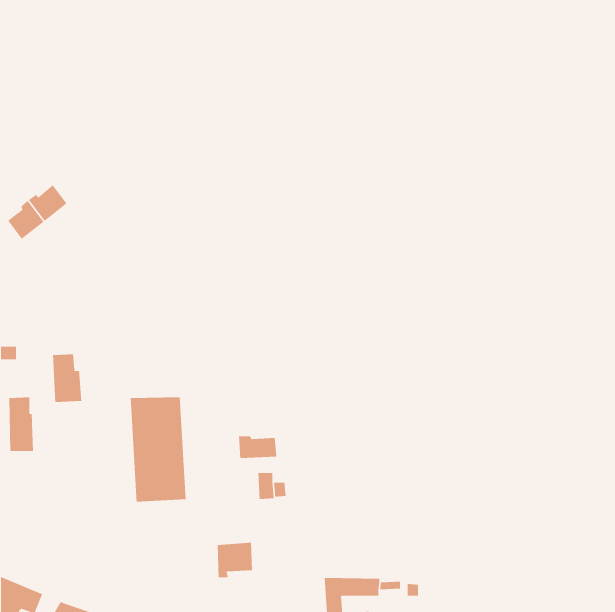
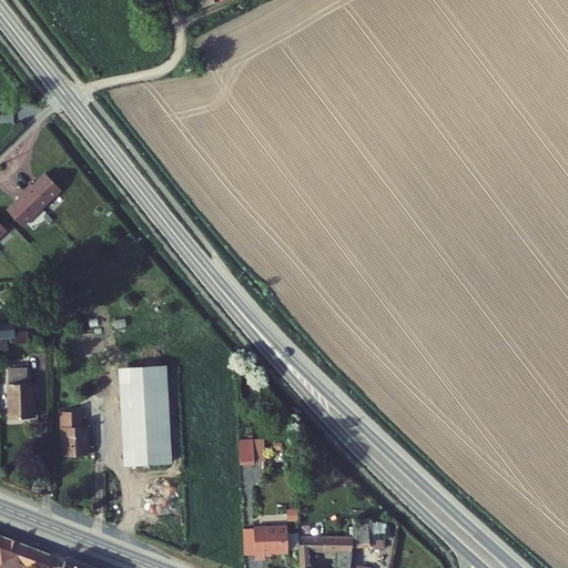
building: [52,353,82,403] -> [61,413,89,458]
building: [238,436,277,459] -> none
building: [217,542,253,578] -> [255,526,288,559]

